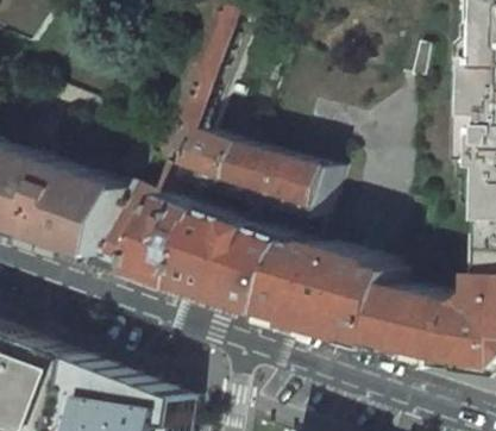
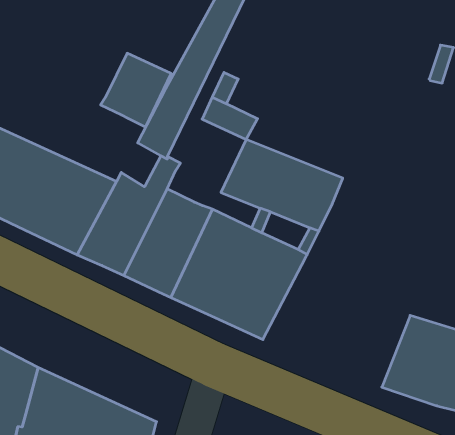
building: [183,133,243,196] -> [101,53,171,127]
building: [274,246,404,355] -> none

